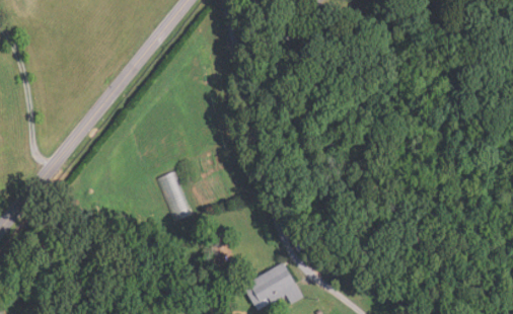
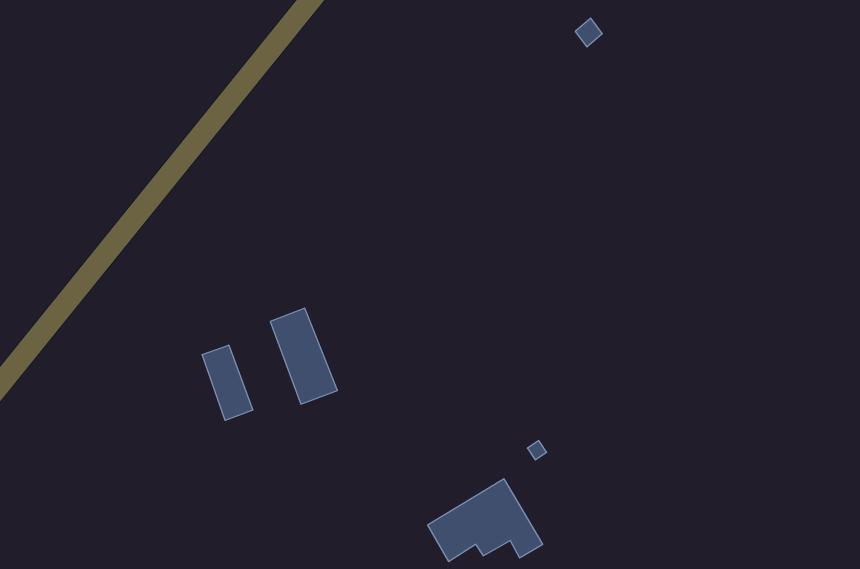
building: none -> [202,345,253,420]

